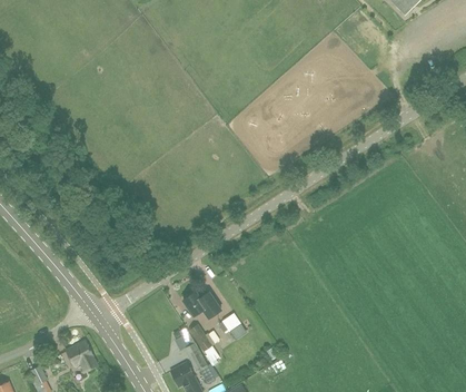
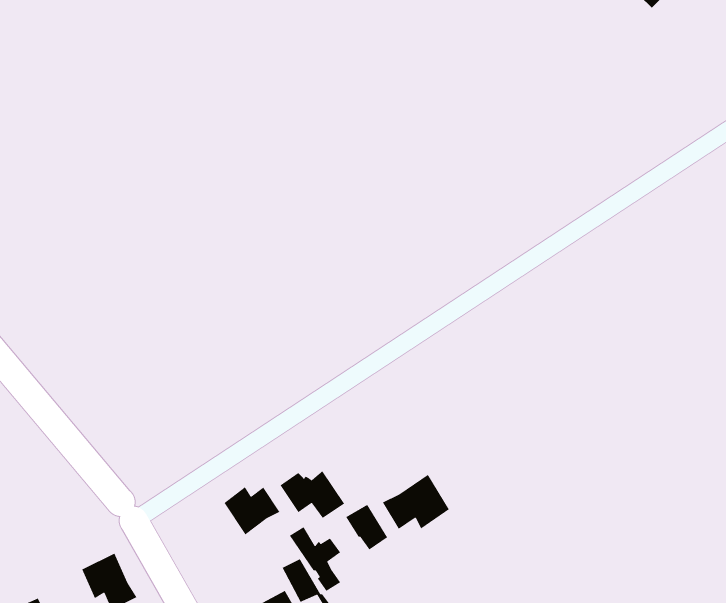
building: none -> [382,474,450,530]
building: none -> [223,486,280,536]

